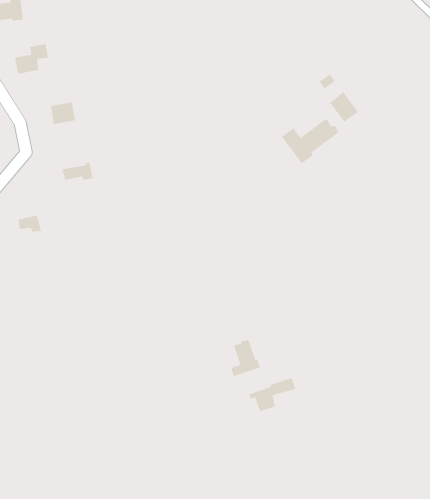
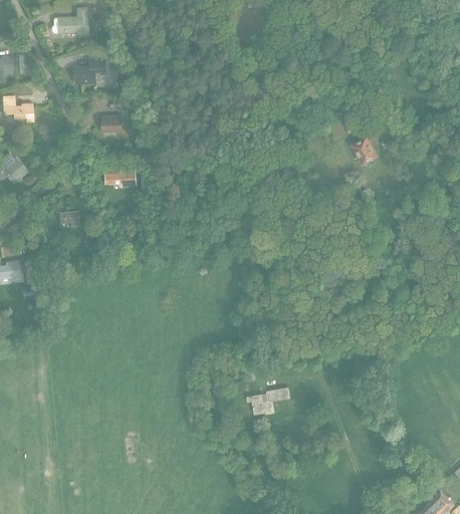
building: [281,119,339,164] -> none
building: [231,339,260,377] -> none

